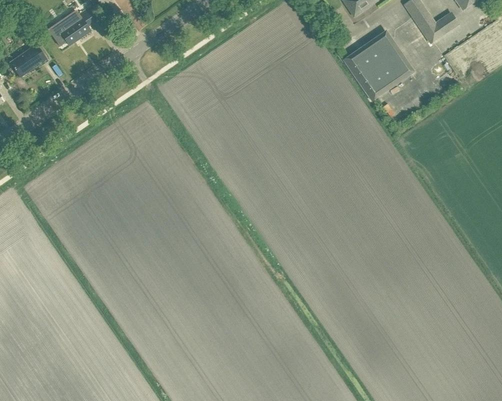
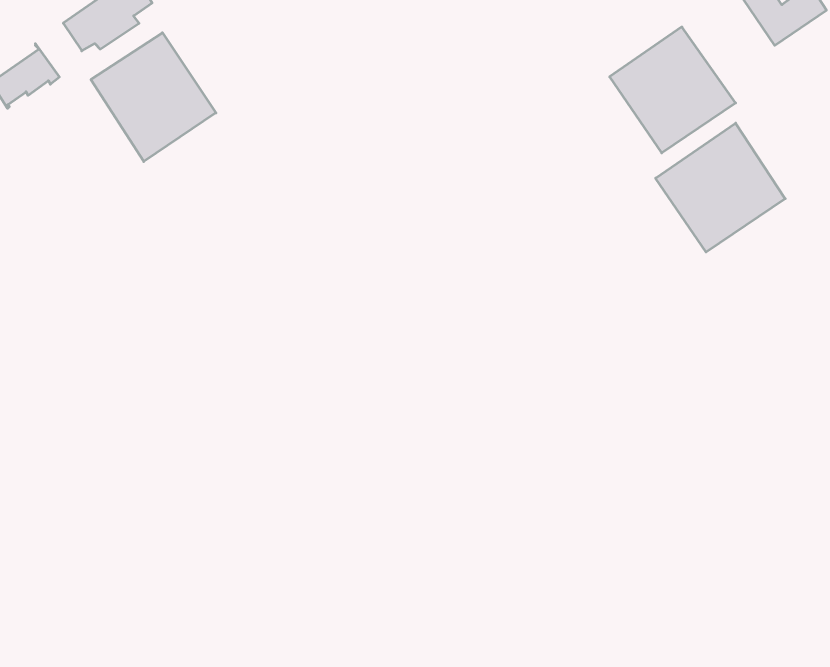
building: none -> [91,33,216,162]
building: none -> [656,123,785,252]

